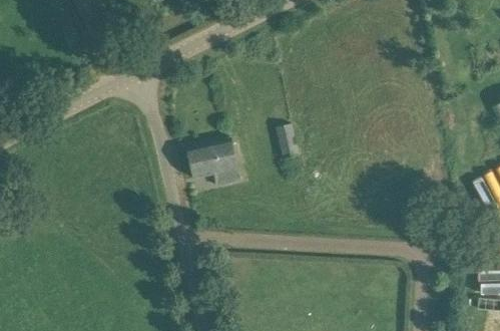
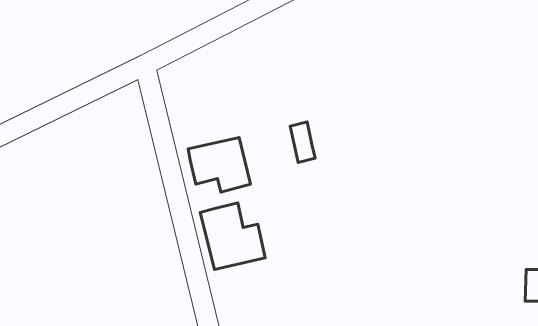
building: none -> [200,203,265,270]

